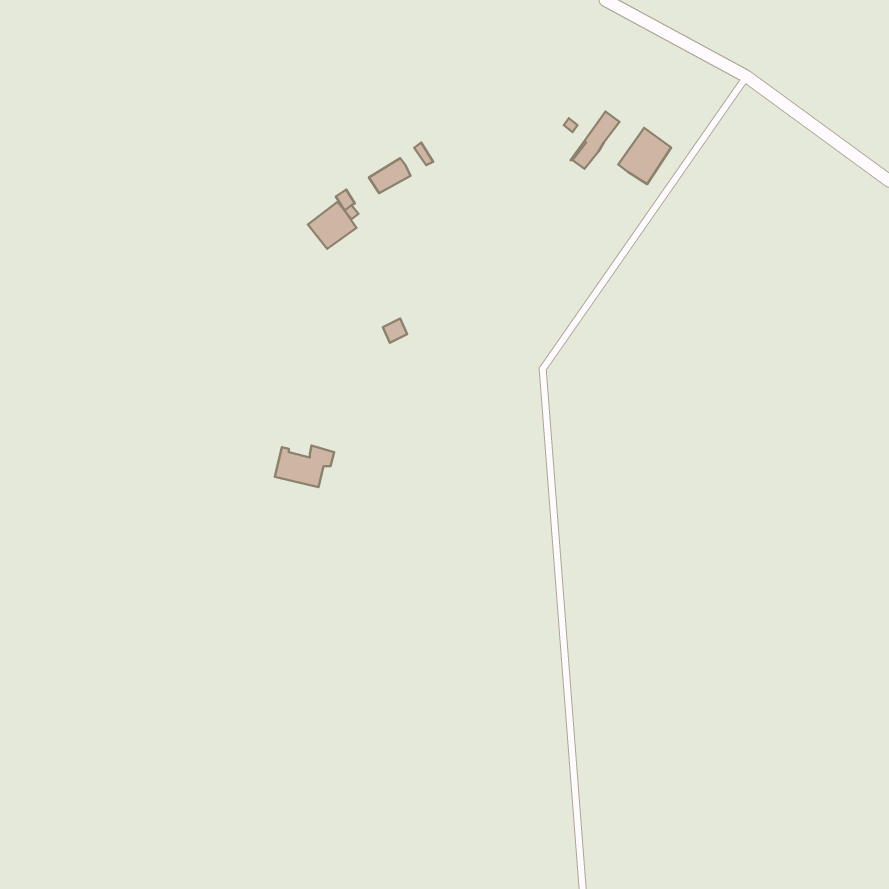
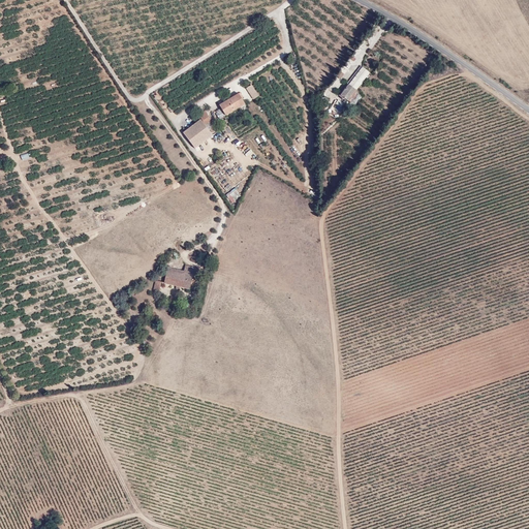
building: [618,128,671,184] -> none

